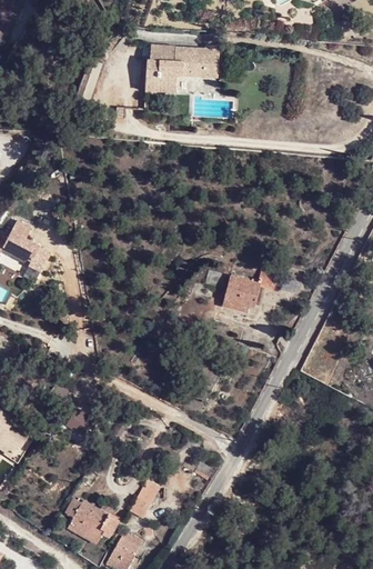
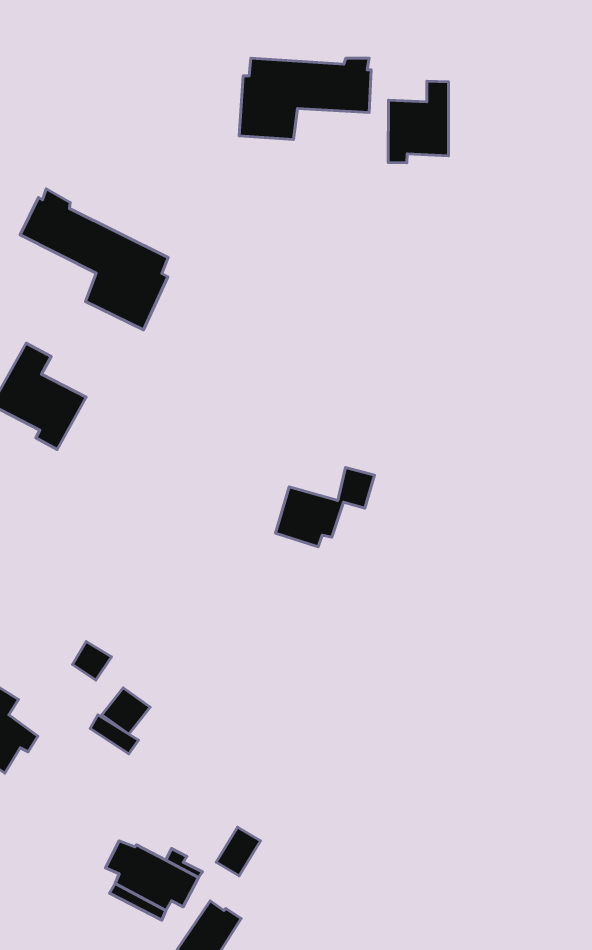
building: none -> [388,81,448,163]
building: none -> [20,189,168,330]
building: [222,269,279,315] -> [276,467,375,547]

